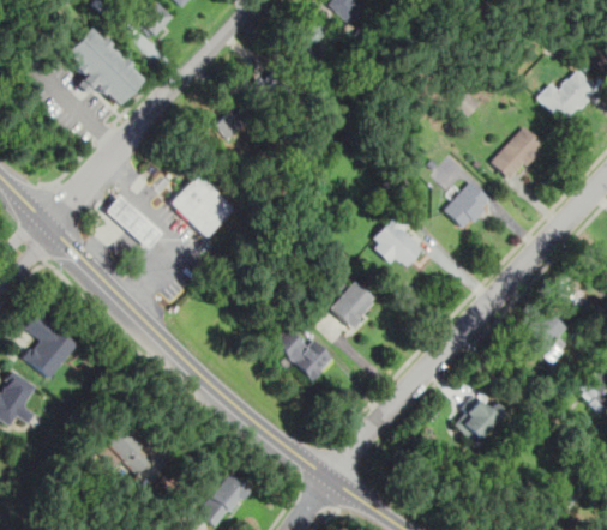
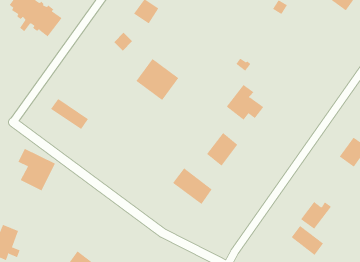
building: [491,126,547,182] -> none
building: [173,173,238,237] -> [136,58,179,101]
building: [444,181,495,233] -> none
building: [23,313,79,380] -> [18,148,56,191]
building: none -> [291,225,324,256]

